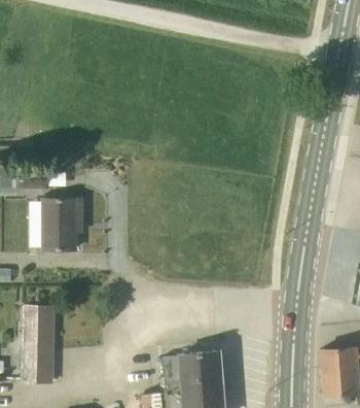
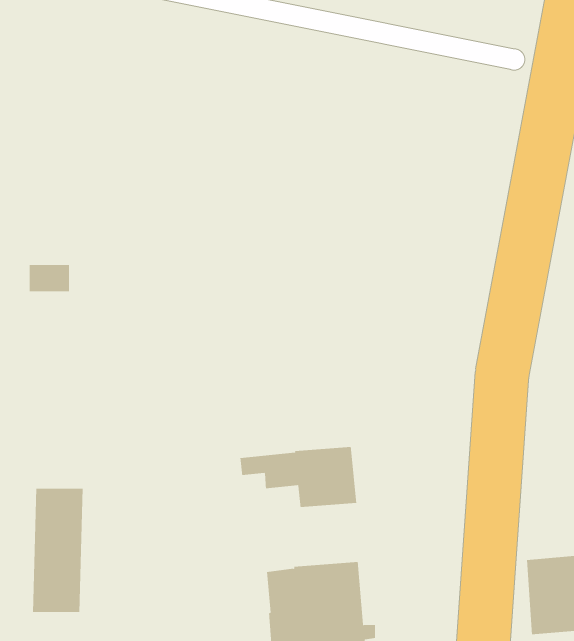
building: [44,200,81,249] -> none
building: none -> [240,446,357,508]

